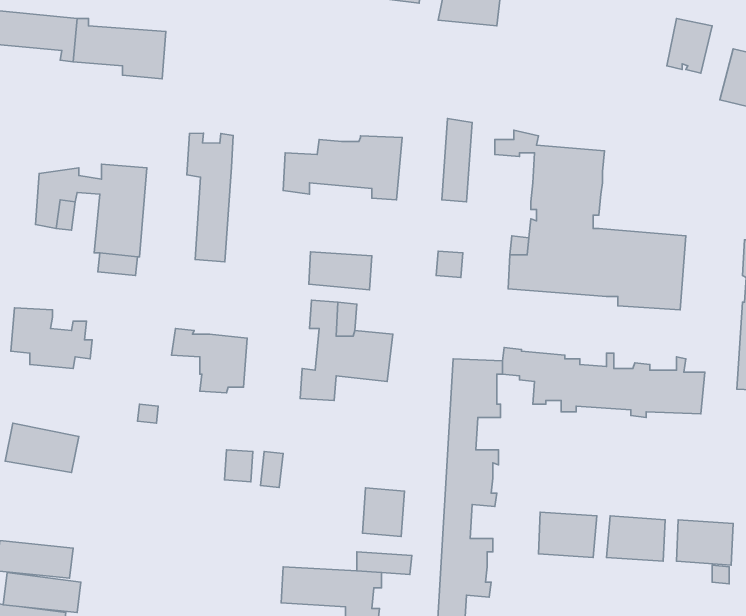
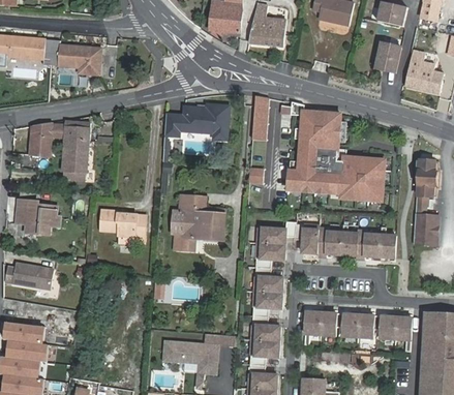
building: [187,133,233,262] -> none
building: [309,252,372,290] -> none
building: [362,488,404,537] -> none

